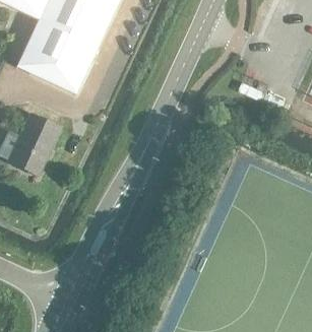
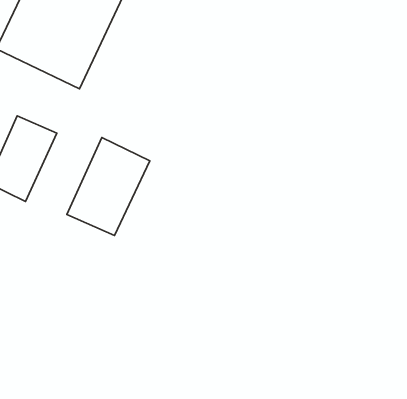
building: none -> [67,137,150,236]

